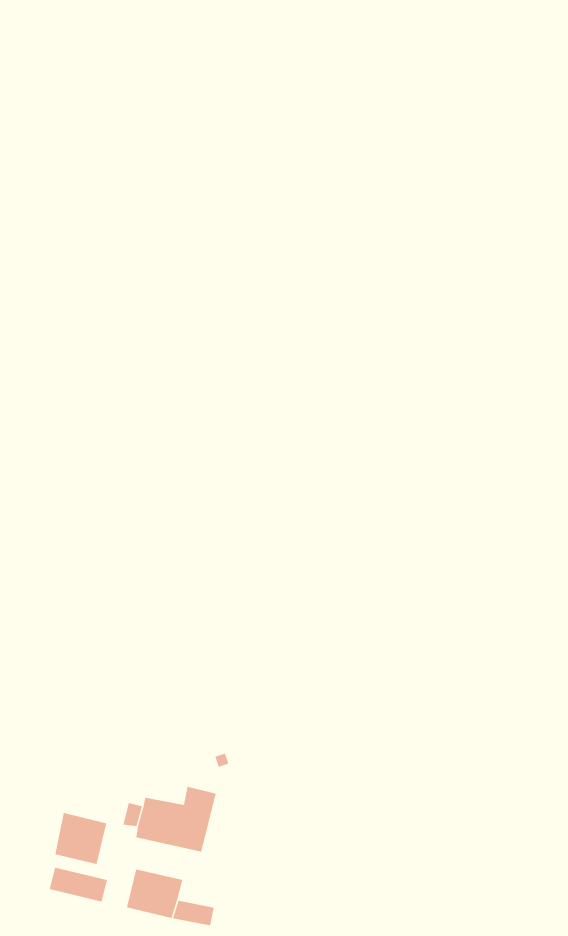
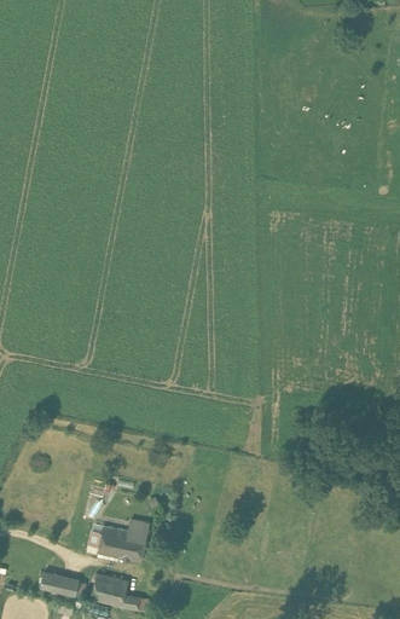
building: [55,812,107,865] -> none

